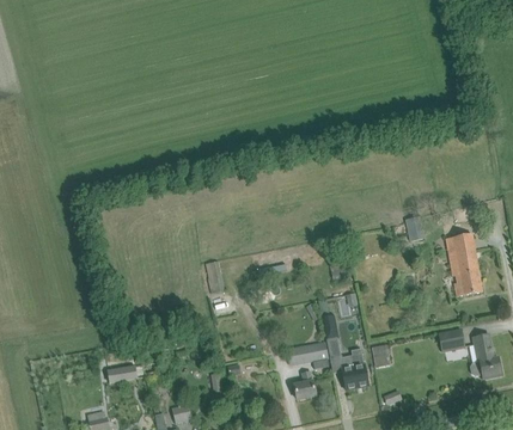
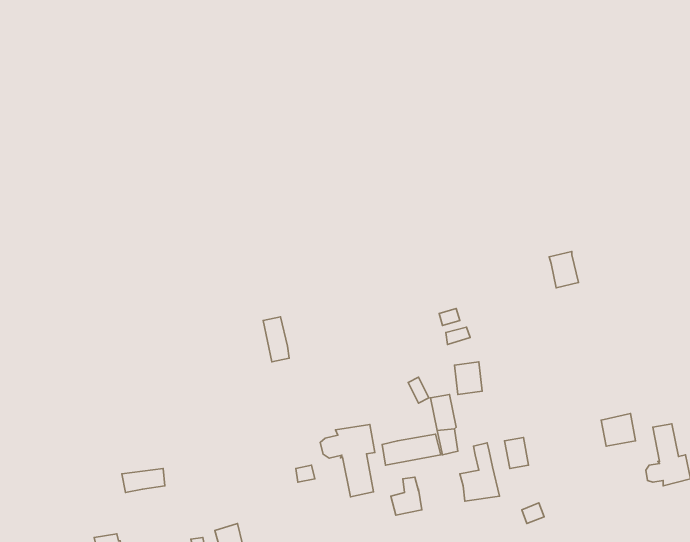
building: [446,234,482,296] -> none
building: none -> [320,425,375,497]

